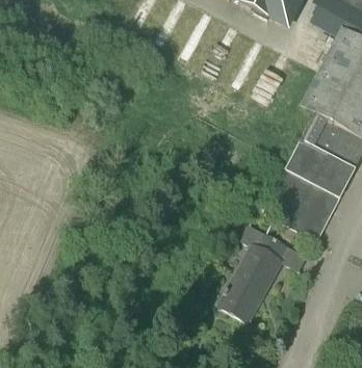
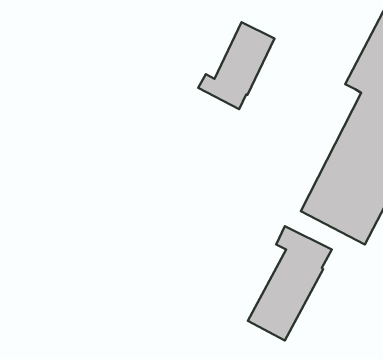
building: none -> [198,22,275,109]

